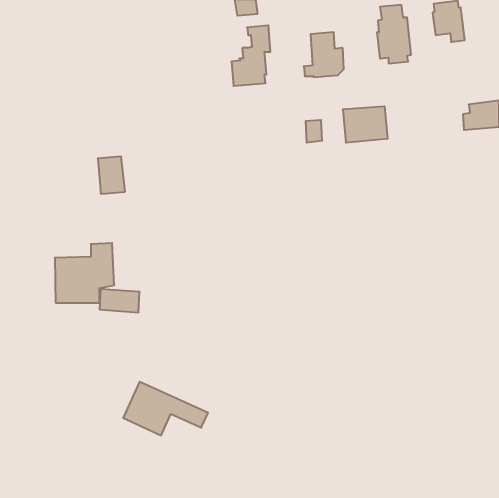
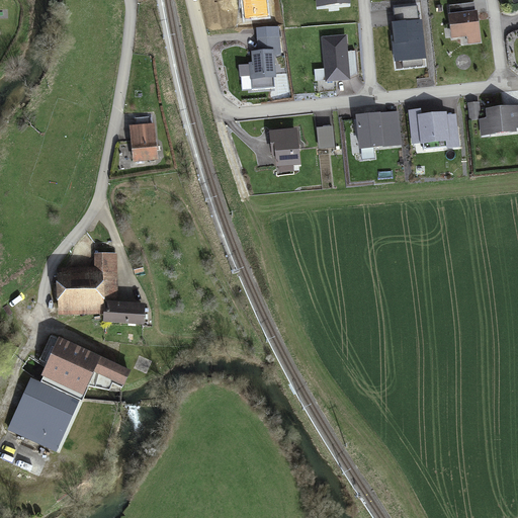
building: none -> [417,110,450,144]
building: none -> [269,126,300,166]
building: [98,157,125,194] -> [130,122,158,161]
building: none -> [8,377,79,450]
building: [123,382,208,435] -> [42,337,131,393]

